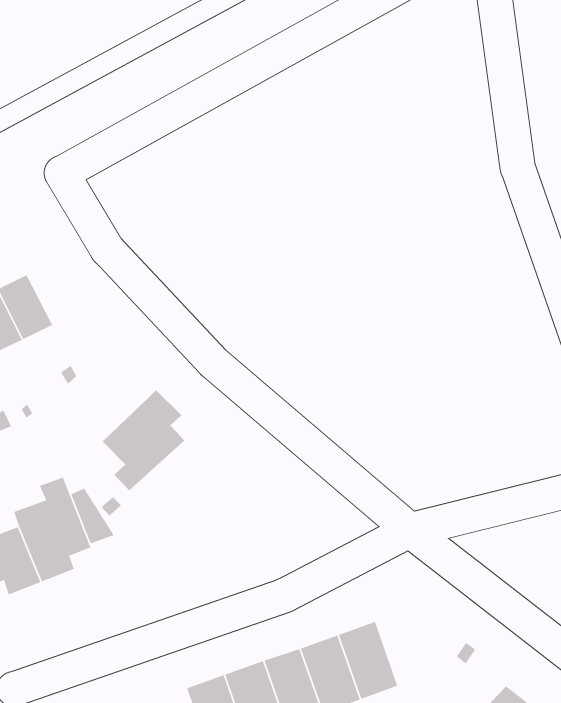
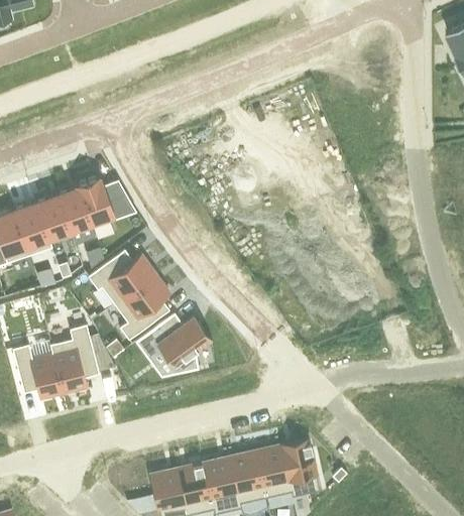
building: none -> [78,177,136,228]
building: none -> [89,249,155,304]
building: none -> [136,316,213,373]
building: none -> [282,439,320,496]

